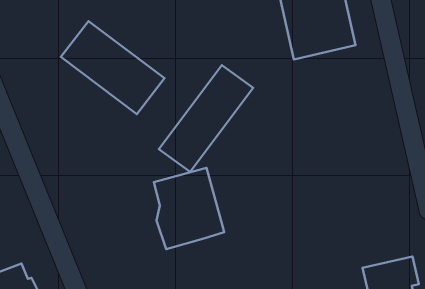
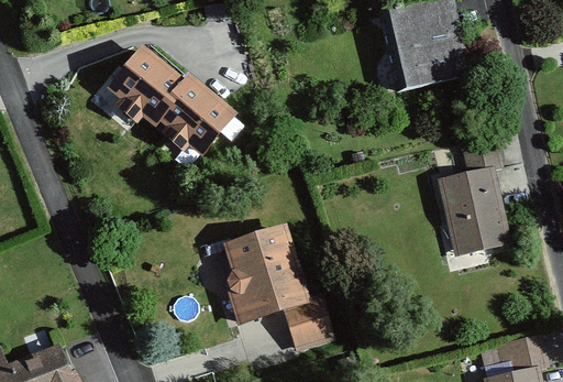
building: [159,65,253,172] -> none
building: none -> [435,134,511,258]
building: none -> [283,292,334,350]

